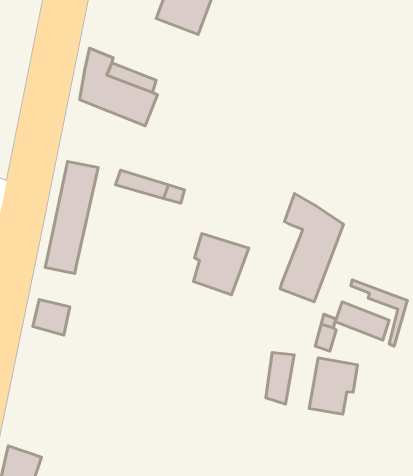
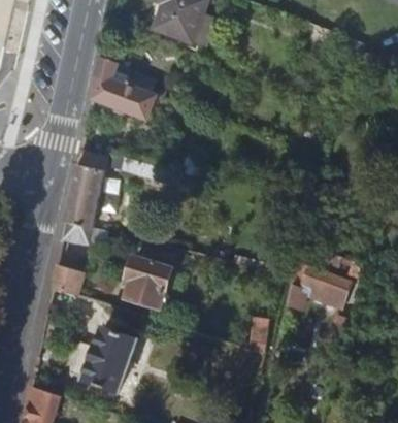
building: [280,194,344,302] -> none
building: [193,233,249,295] -> [127,257,173,308]
building: [309,358,358,414] -> none
building: none -> [70,327,137,393]

